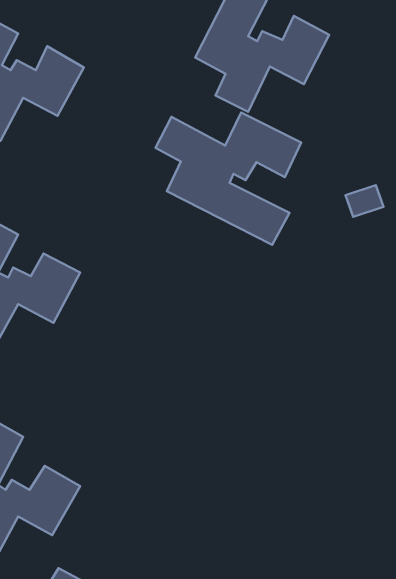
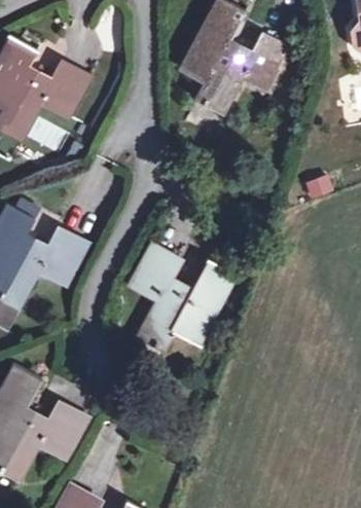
building: [155,113,301,245] -> none
building: none -> [130,243,236,348]

